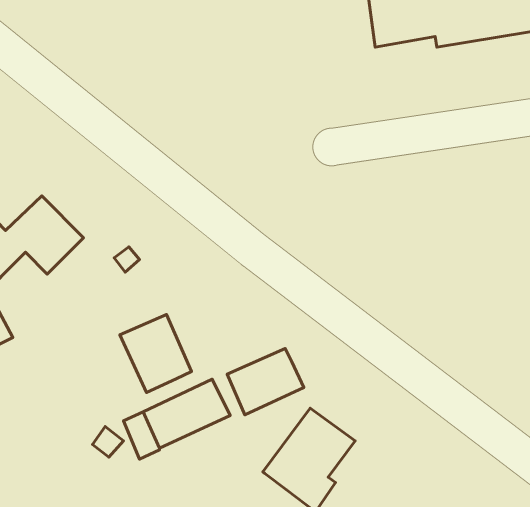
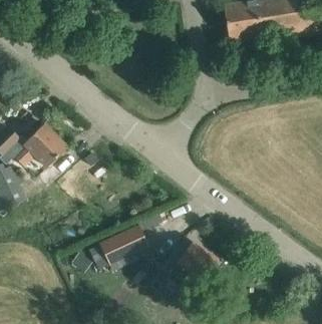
building: [120,315,192,393] -> none
building: [227,348,304,415] -> none

